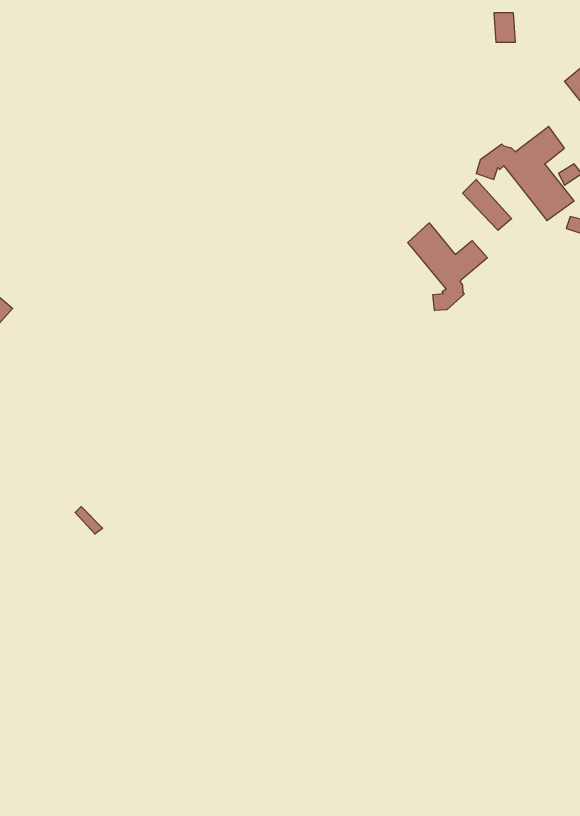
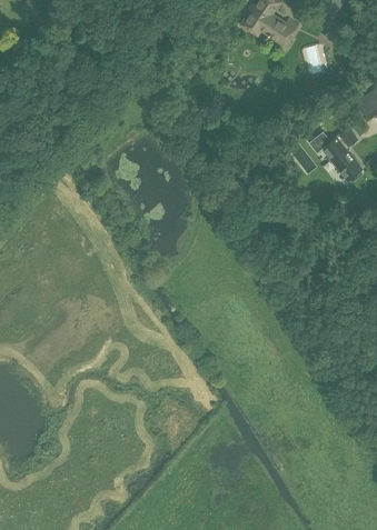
building: [408,223,487,311] -> none

